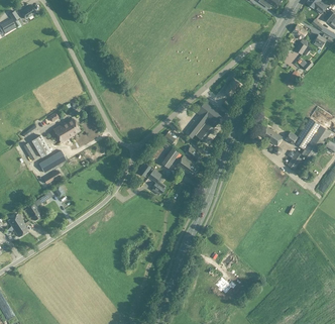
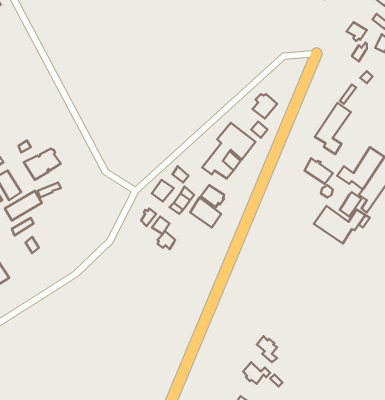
building: none -> [315,103,351,154]
building: none -> [314,206,365,243]

